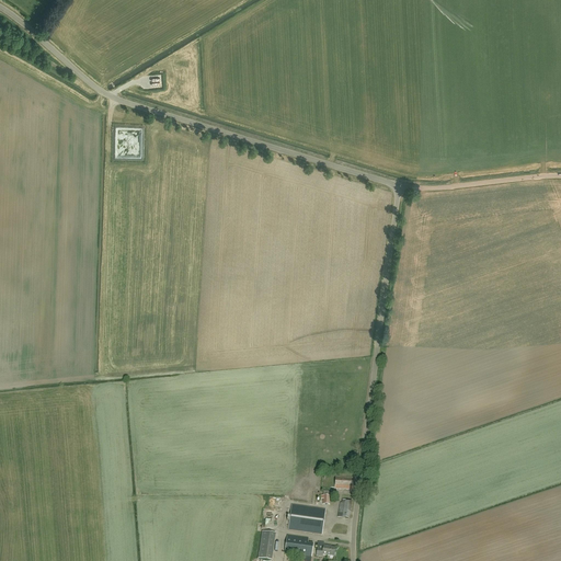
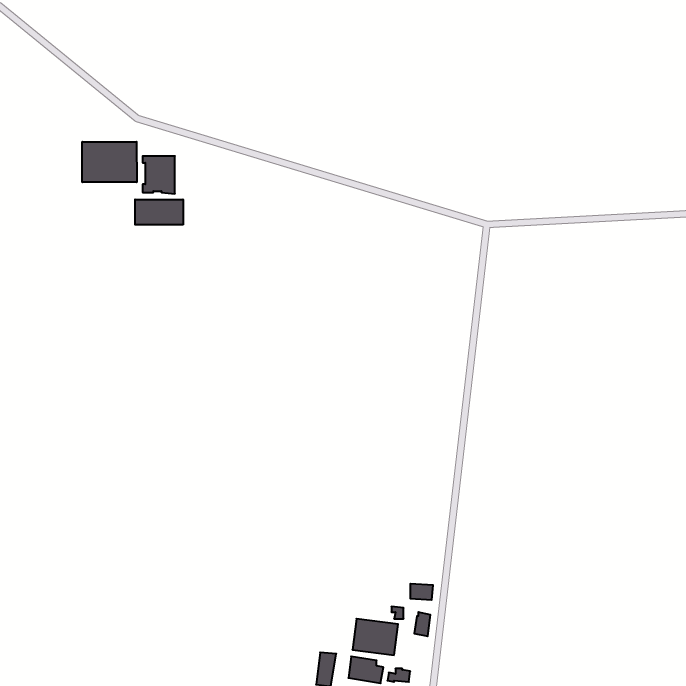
building: none -> [82,142,137,182]
building: none -> [135,199,183,225]

